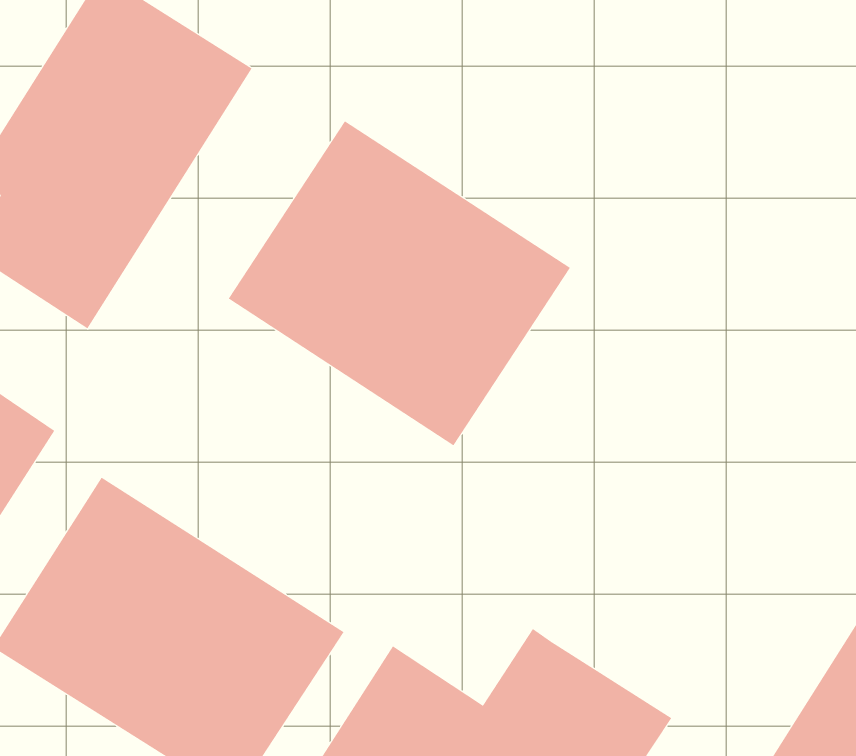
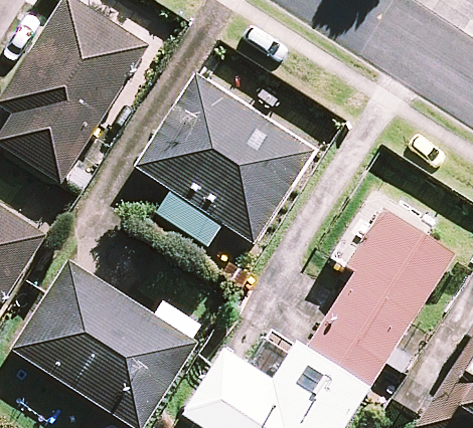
building: none -> [305,208,455,387]

